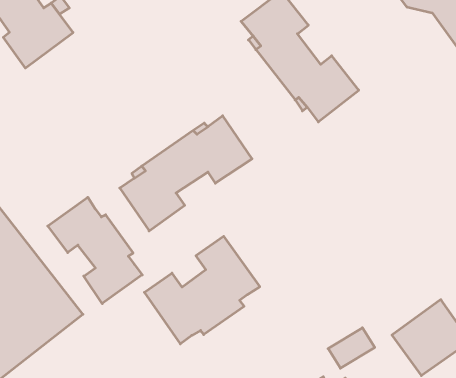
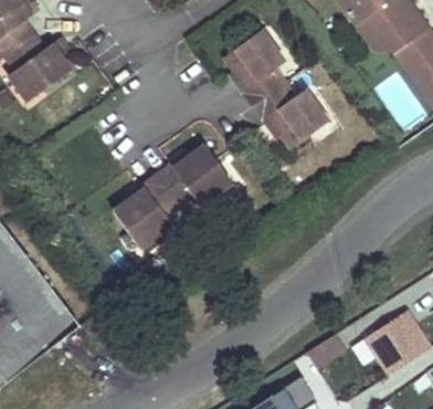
building: [48,197,142,304] -> none
building: [144,236,260,344] -> none

